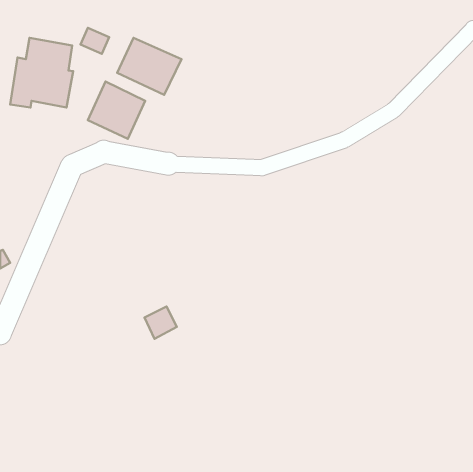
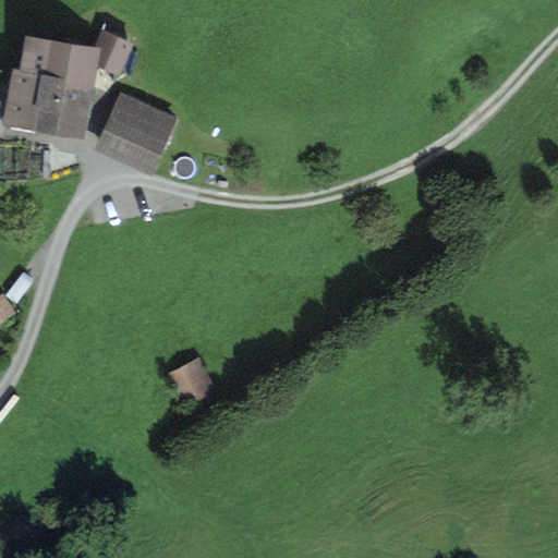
building: [117,38,181,95] -> none

